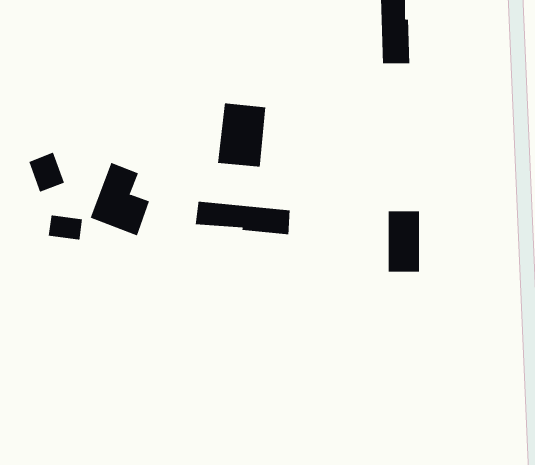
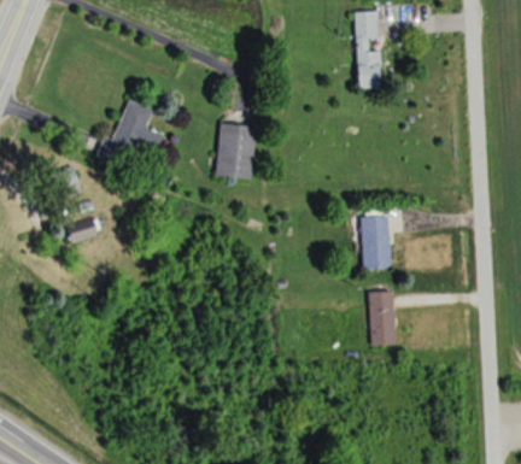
building: [90,162,150,236] -> [110,100,162,164]
building: [195,201,290,235] -> none
building: none -> [369,292,394,346]

